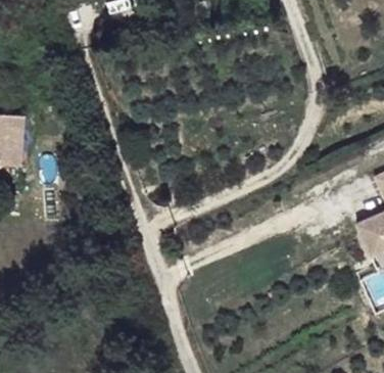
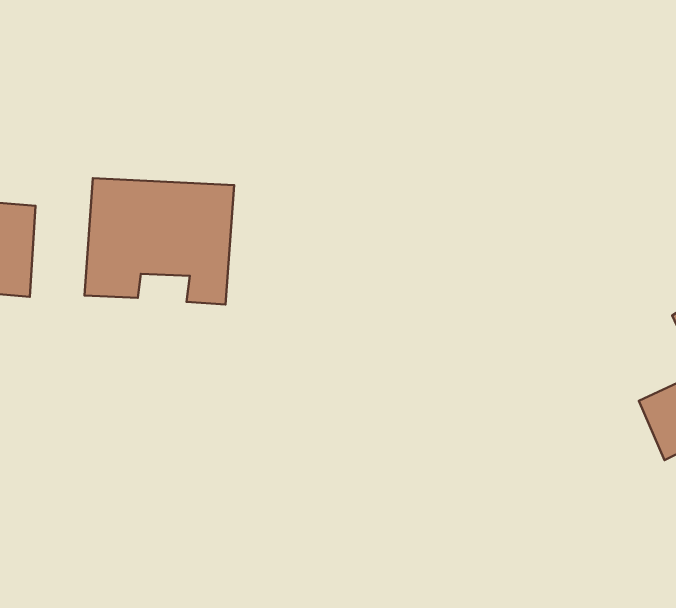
building: none -> [85,178,234,305]

